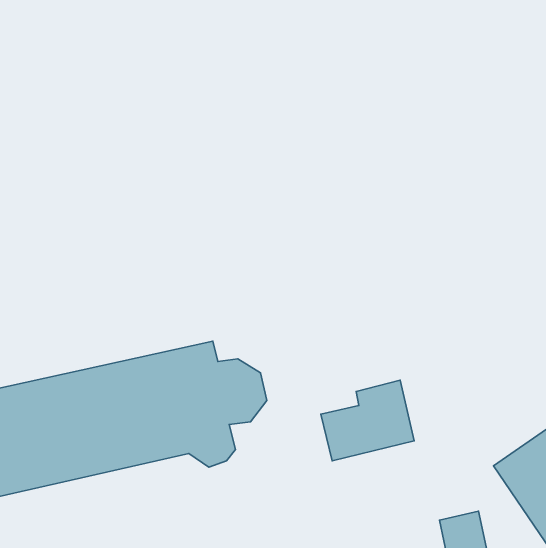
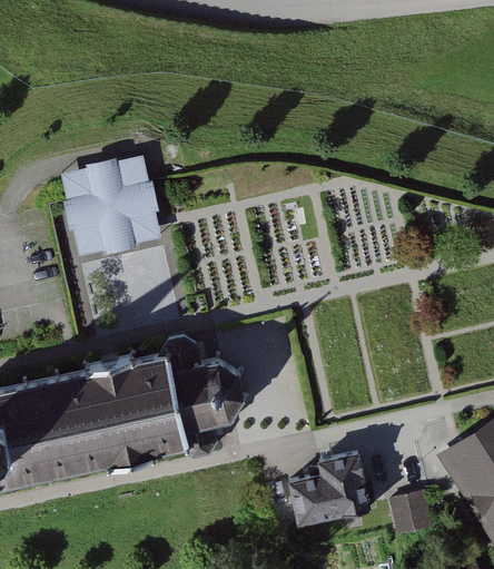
building: none -> [67,166,161,258]
building: [321,380,414,461] -> [284,453,366,524]

